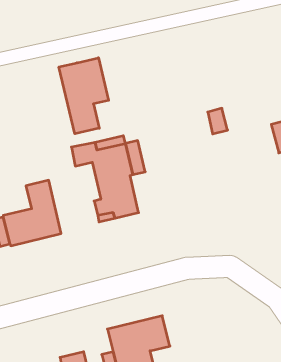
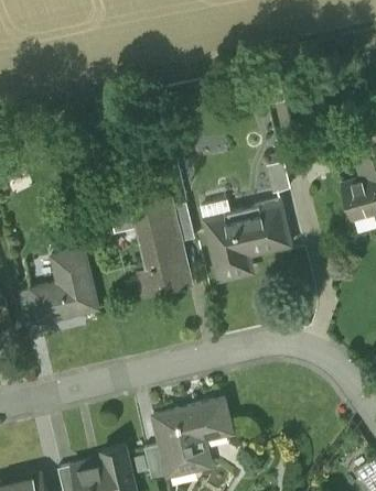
building: [59,58,109,134] -> none
building: none -> [204,204,290,282]

